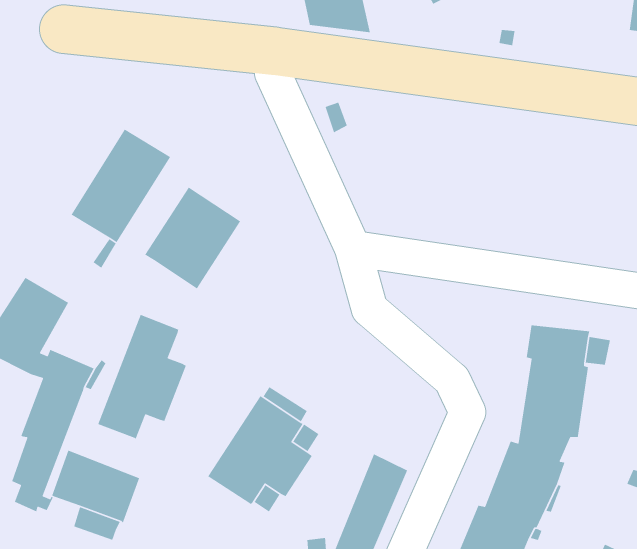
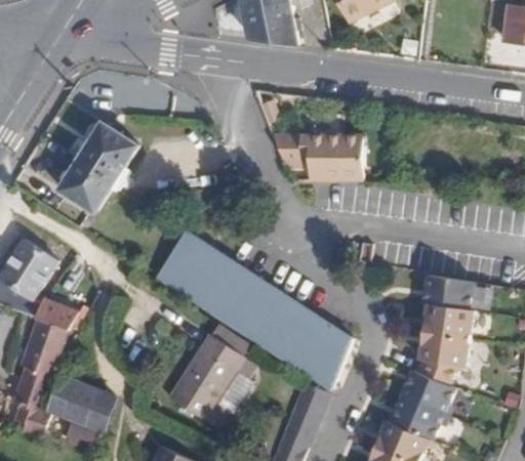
building: none -> [273,134,365,180]
building: [144,187,241,290] -> none
building: none -> [158,229,351,385]
building: [97,314,187,440] -> none

